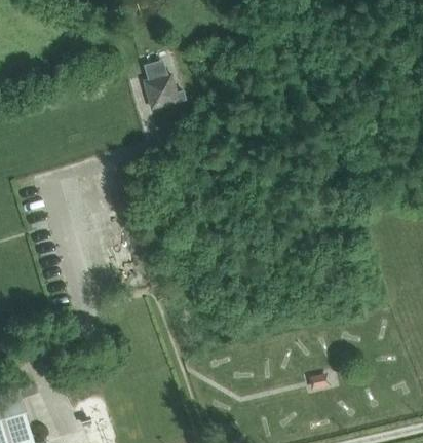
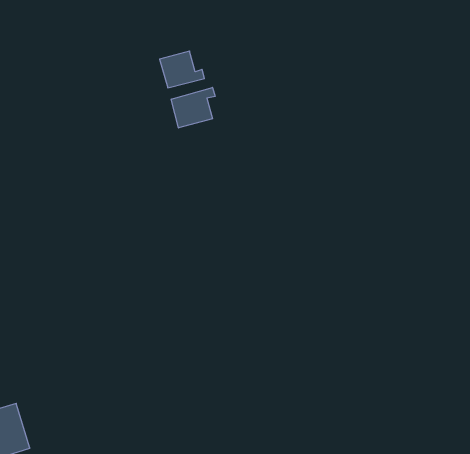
building: none -> [171,87,215,128]

